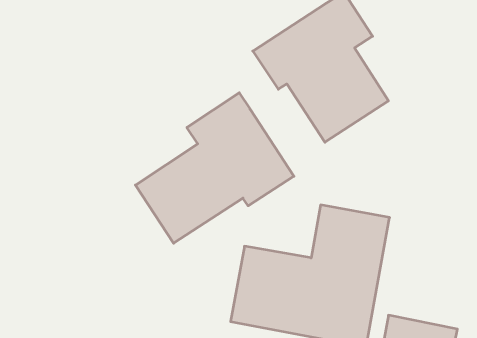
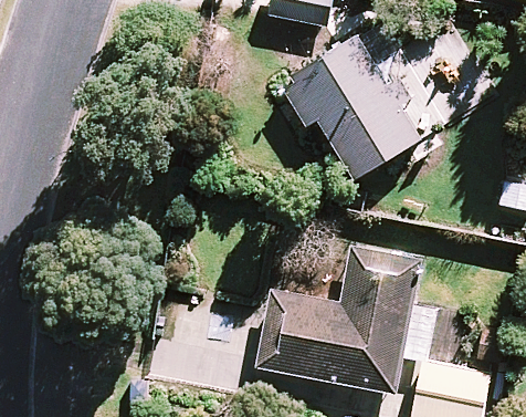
building: [135,93,294,243] -> none

